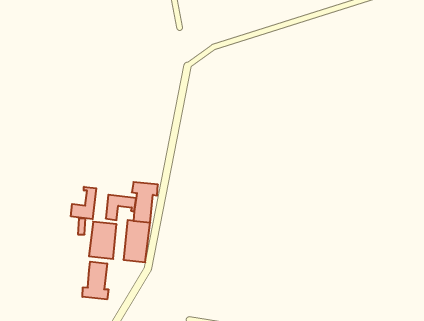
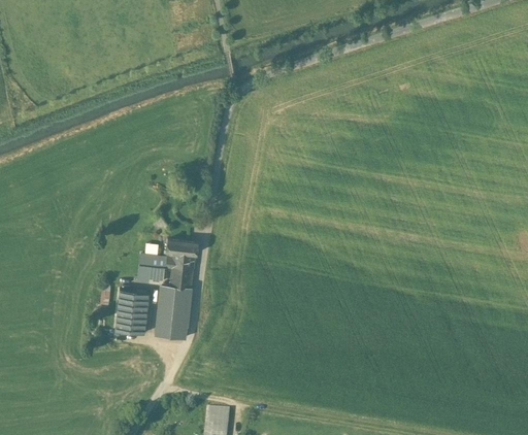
building: [71,187,96,219] -> none
building: [82,262,108,299] -> none

